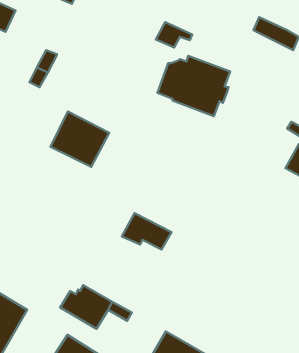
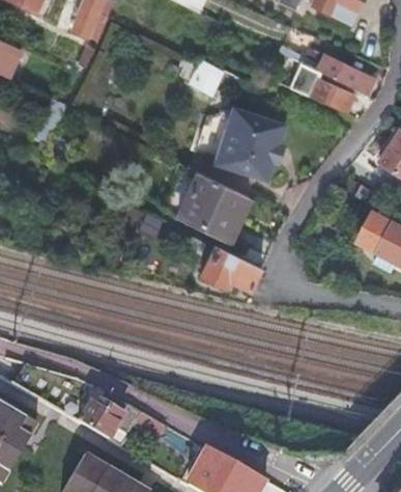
building: none -> [281,59,349,112]
building: [51,111,109,167] -> [178,169,252,239]
building: [122,213,172,250] -> [201,244,263,290]

